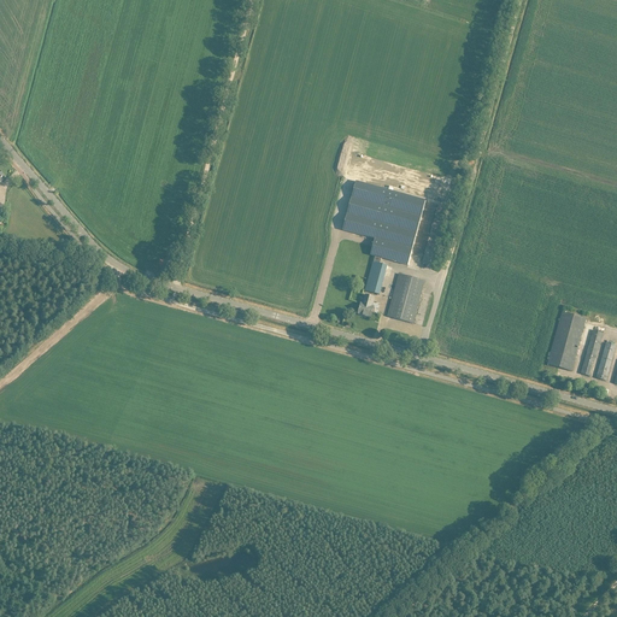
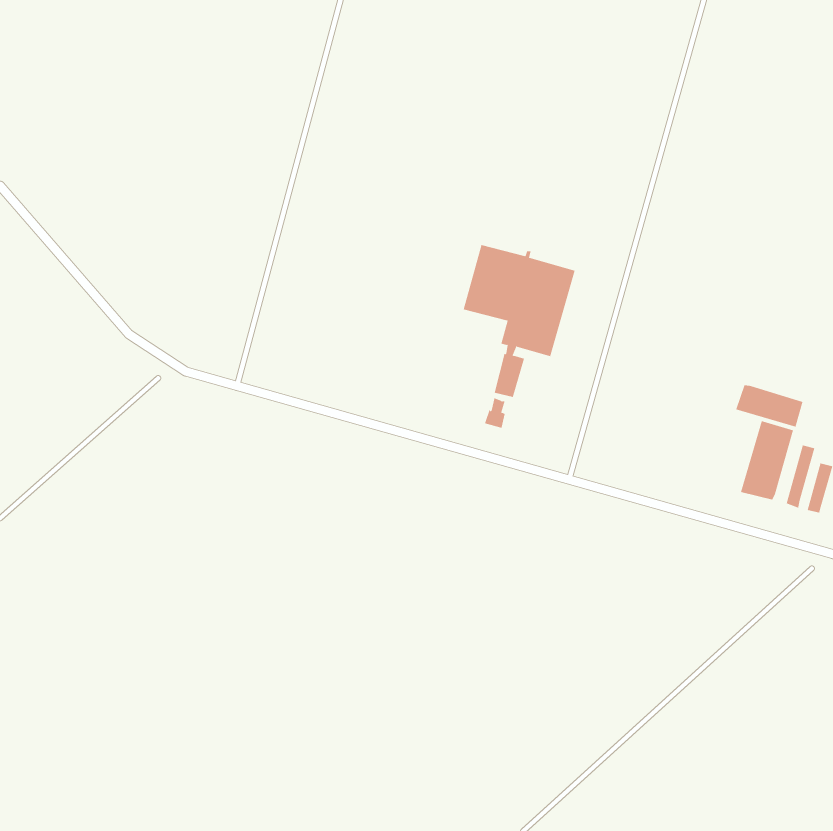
building: [387,272,424,323] -> none
building: none -> [735,385,803,428]

